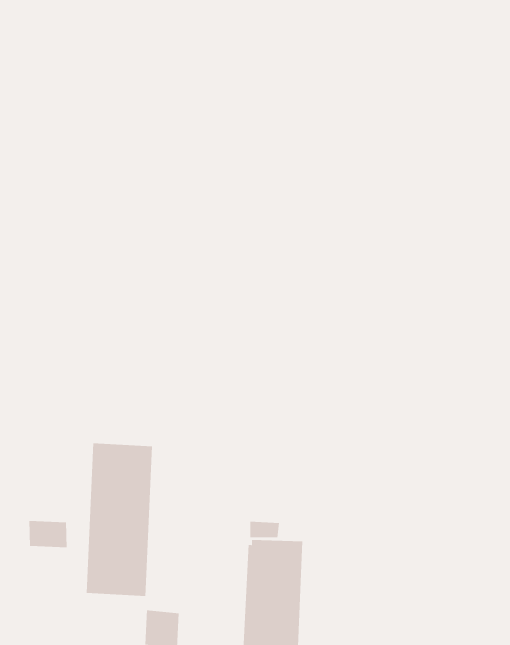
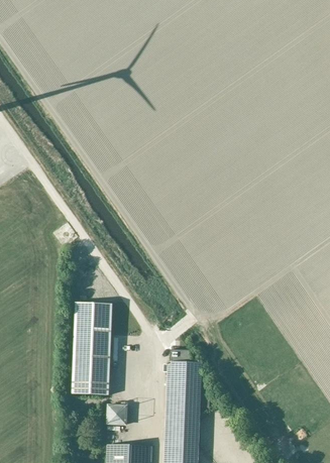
building: [29,520,67,548] -> none

